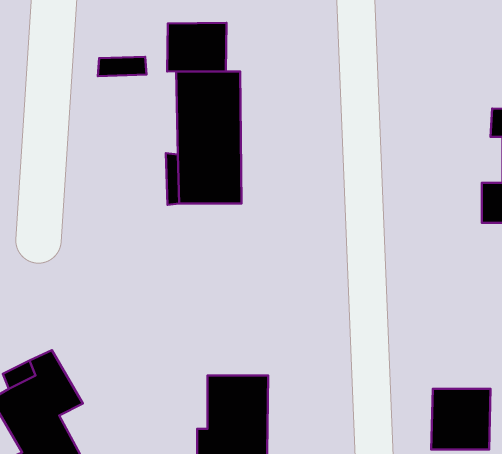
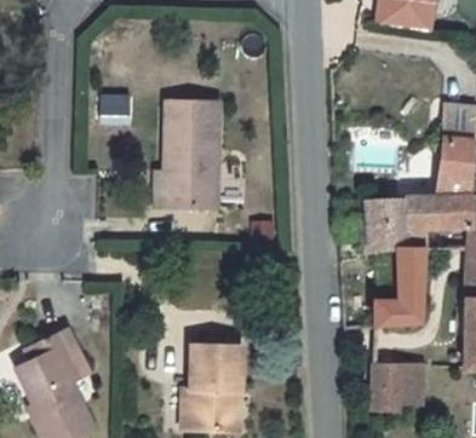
building: [167,23,227,72] -> none
building: none -> [365,191,415,322]

